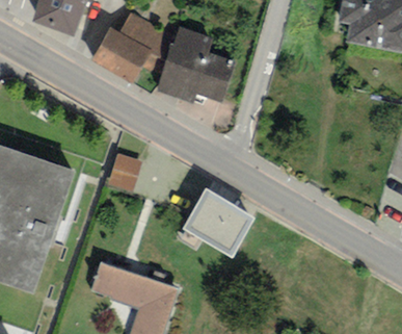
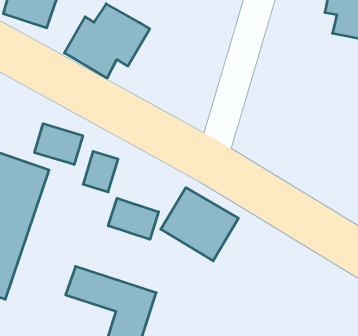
building: [157,27,235,102] -> none
building: none -> [35,124,83,165]
building: none -> [108,198,159,239]

